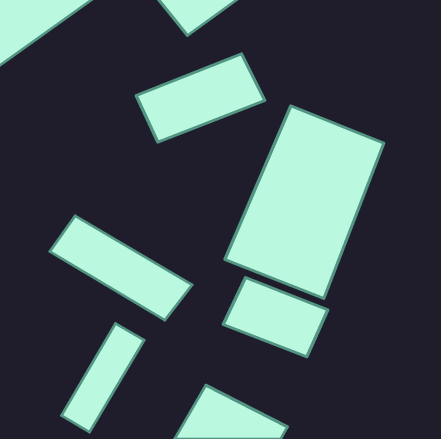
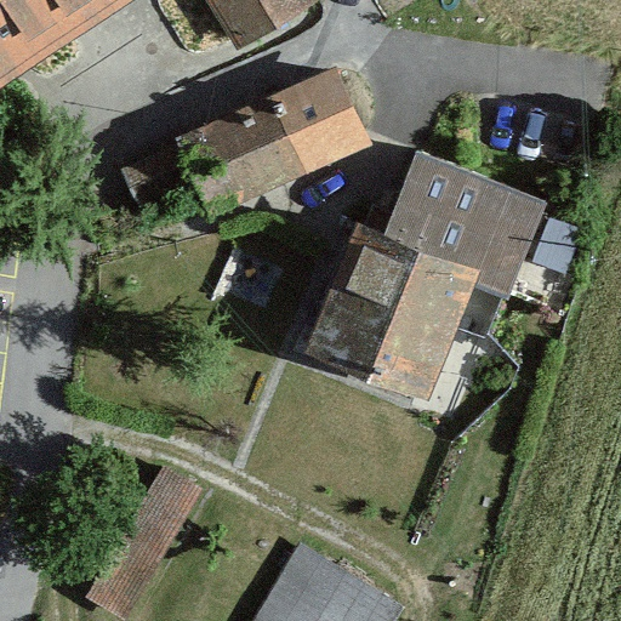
building: [50,216,192,320] -> none
building: [223,278,328,357] -> none

